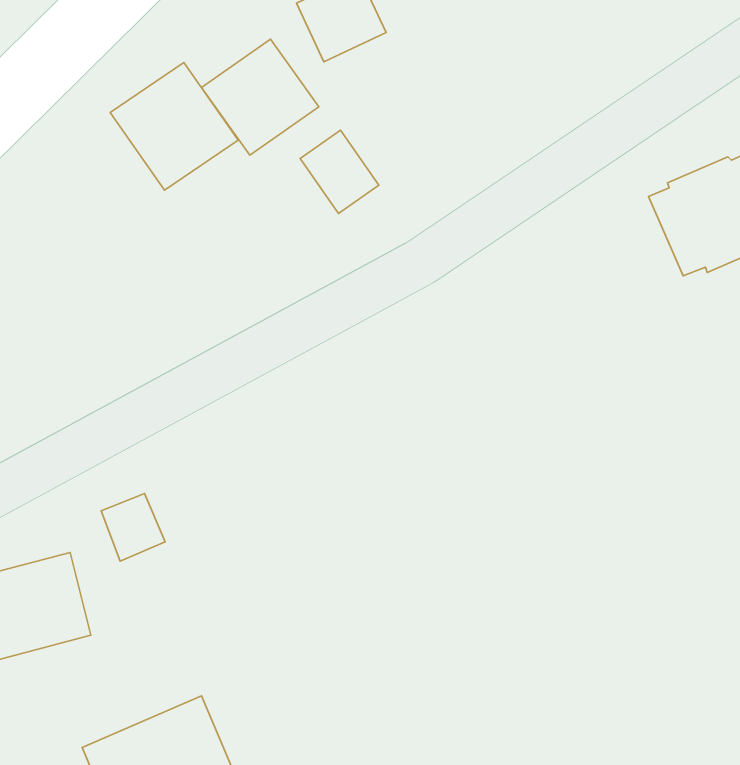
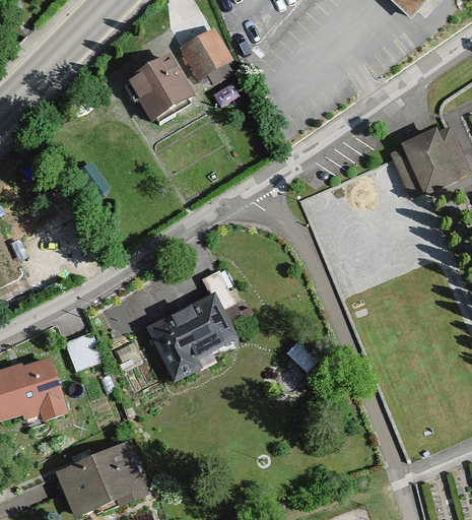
building: [110,62,238,190] -> none
building: [300,130,379,213] -> none
building: none -> [148,294,235,373]

